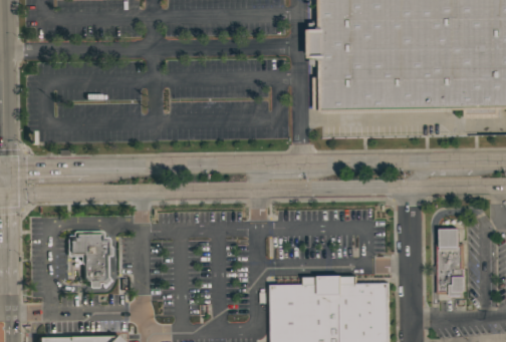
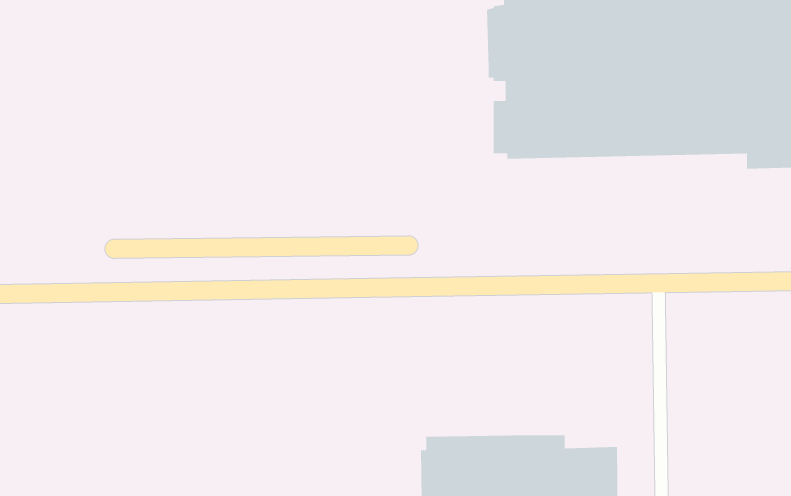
building: [436,229,466,297] -> none
building: [67,231,111,287] -> none

